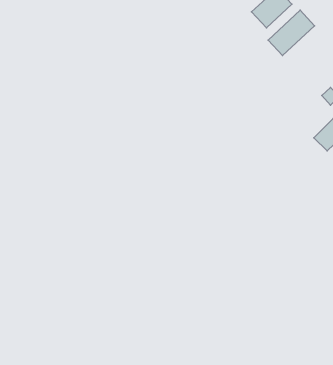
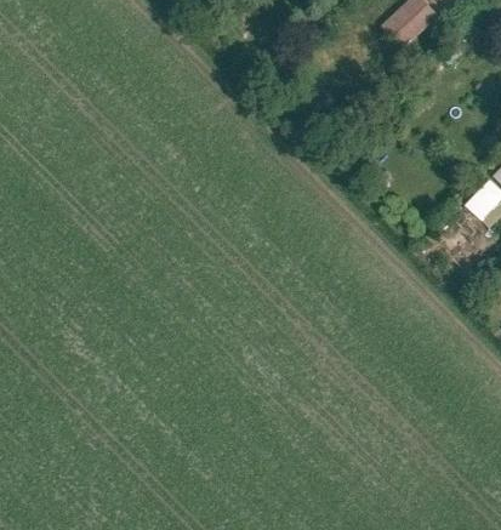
building: [268,10,314,56] -> none

